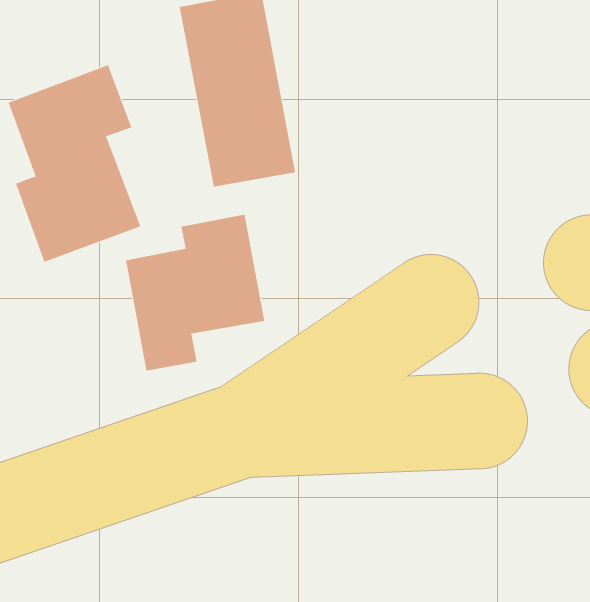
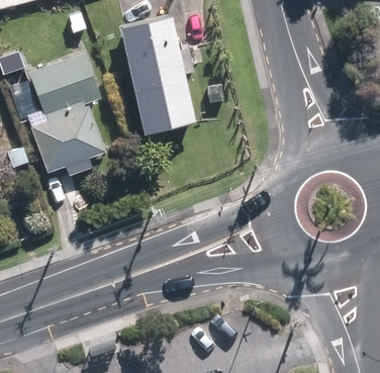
building: [126,214,265,372] -> none

